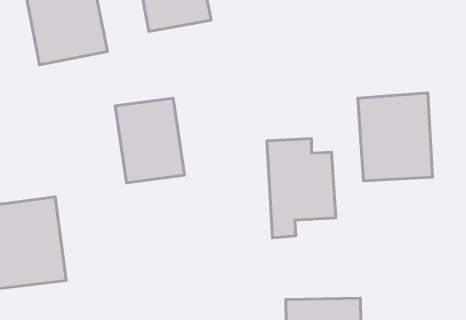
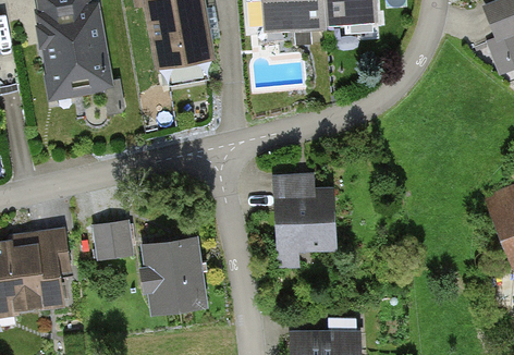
building: [358,93,433,181] -> none
building: [115,98,184,183] -> [140,237,208,320]
building: none -> [90,216,127,254]

